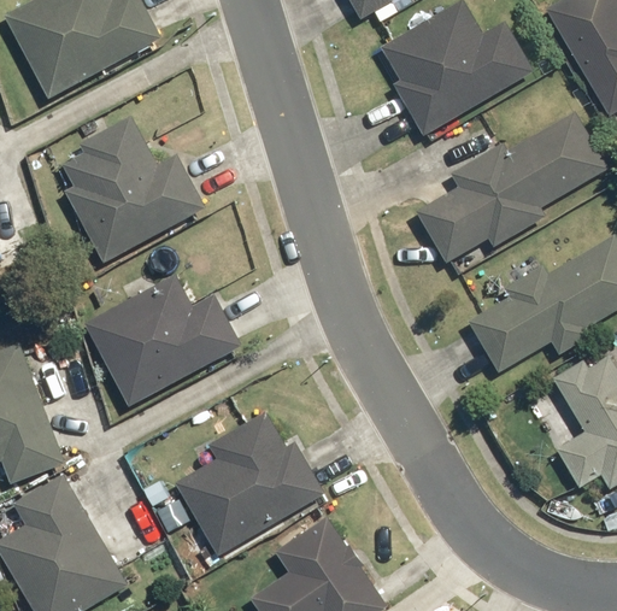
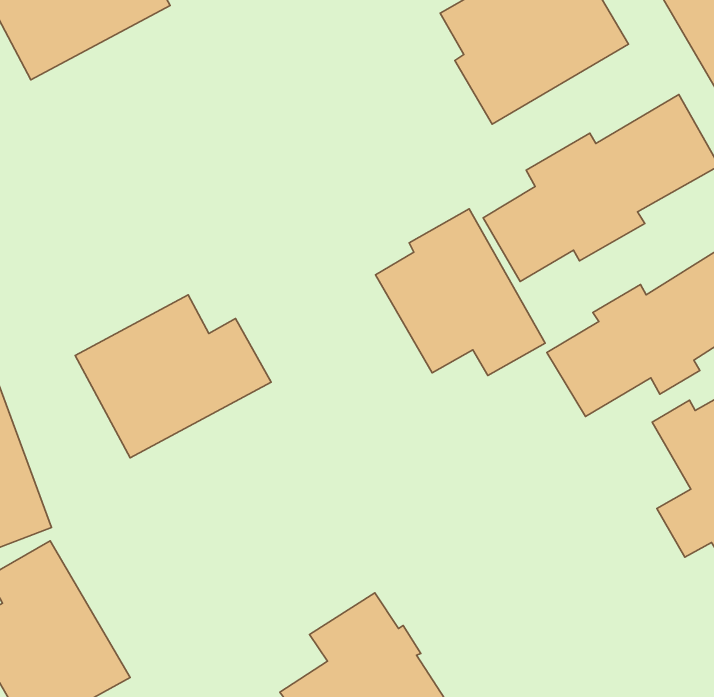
building: [63,114,205,263] -> none
building: none -> [375,209,545,376]
building: [175,411,325,556] -> none

